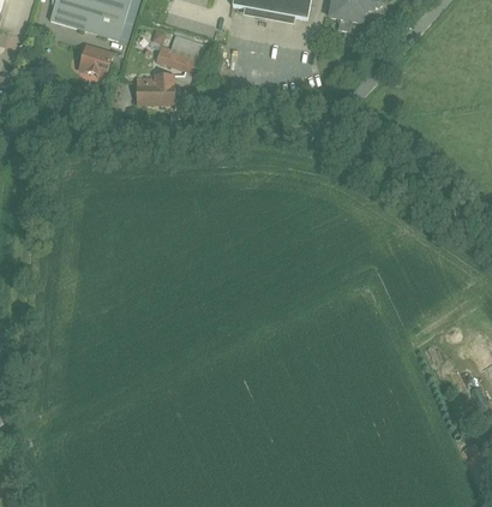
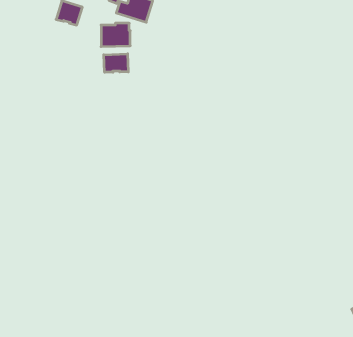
building: none -> [104,54,128,72]

